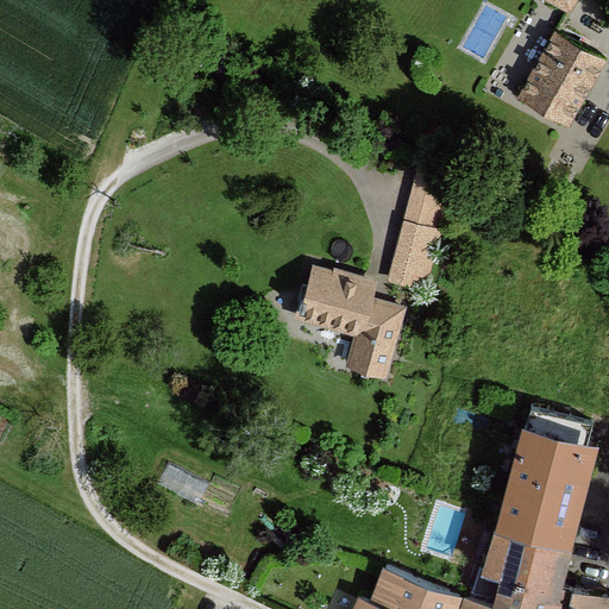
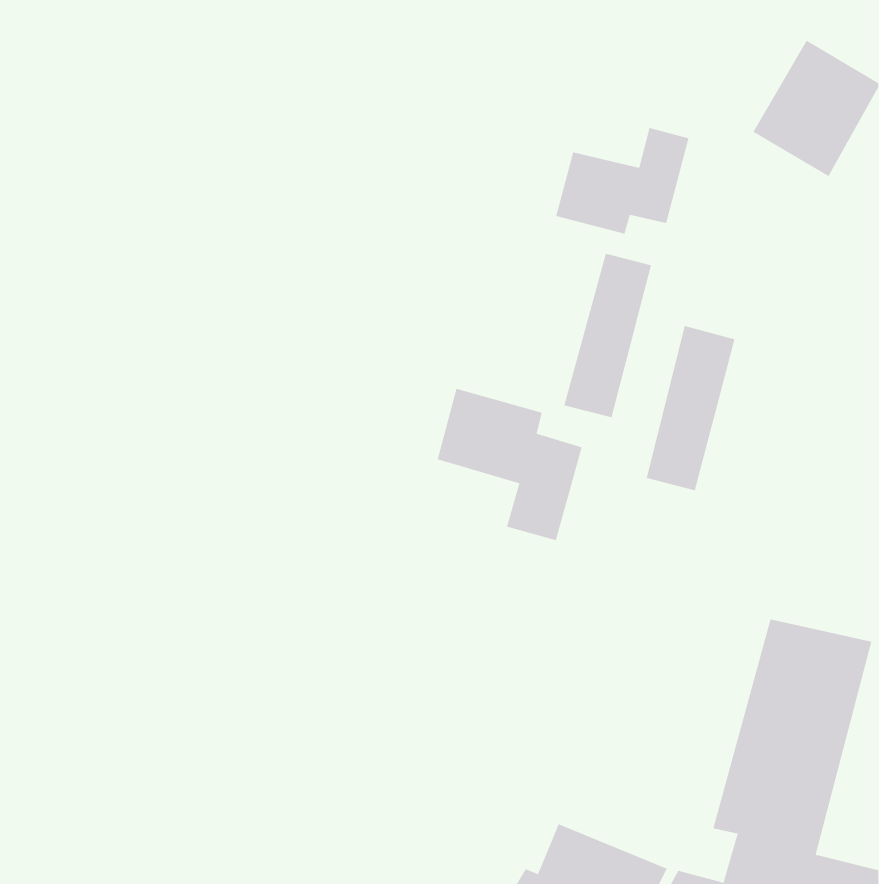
building: none -> [555,127,689,234]
building: none -> [646,325,735,491]

